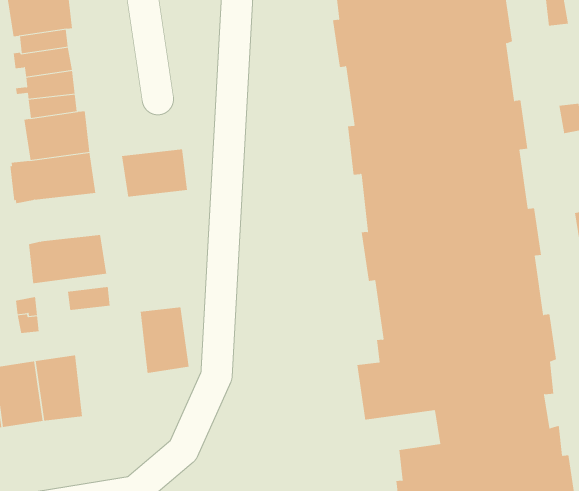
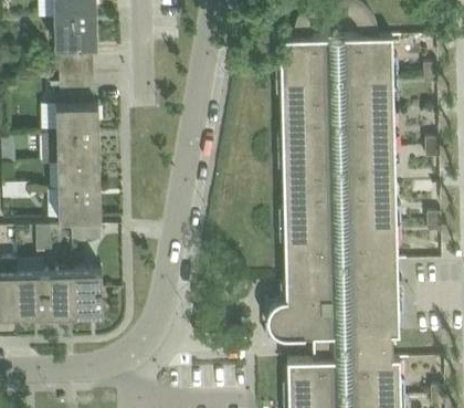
building: [121,149,188,197] -> [55,163,98,191]
building: [140,307,190,373] -> [72,272,102,315]

